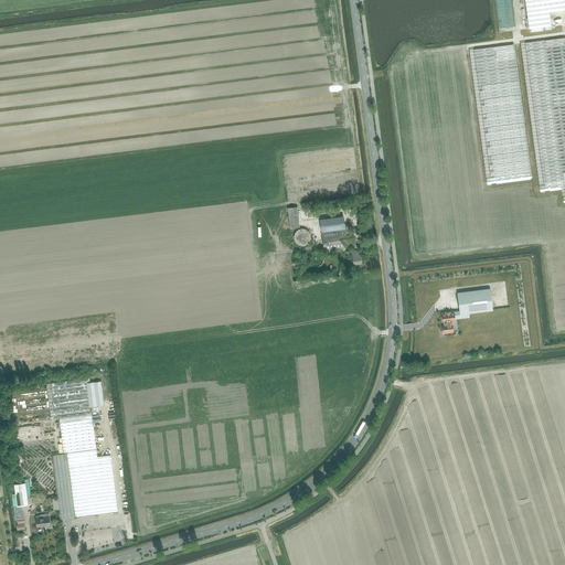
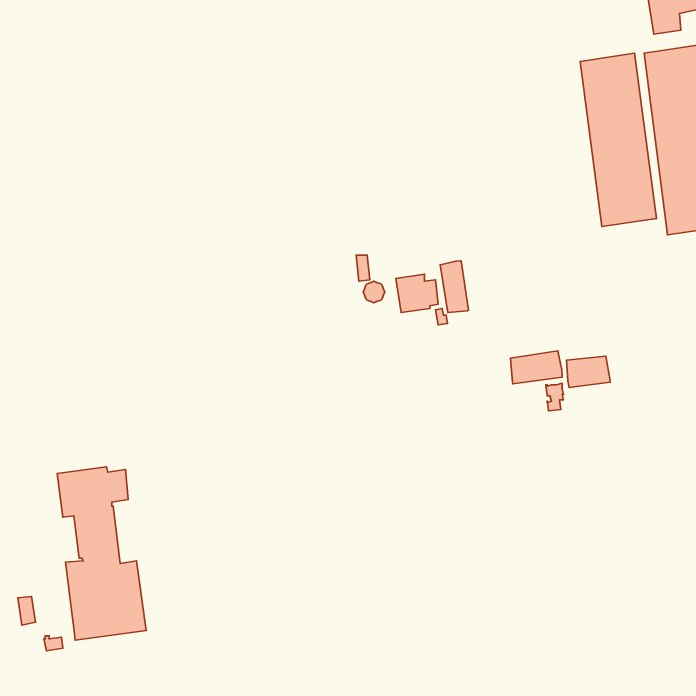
building: none -> [440,261,468,312]
building: none -> [510,351,562,384]

